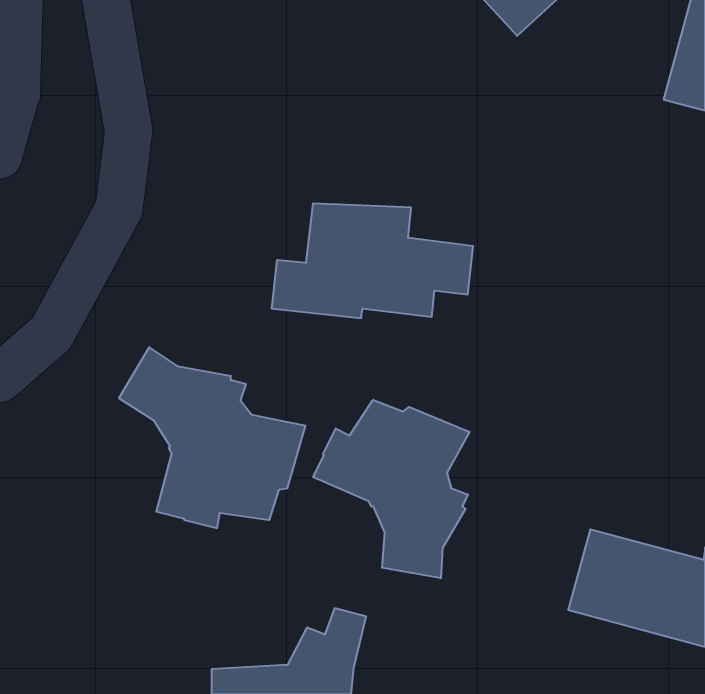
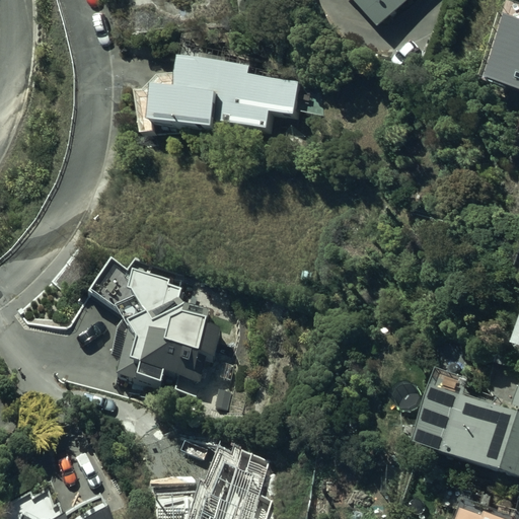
building: [271,203,473,318] -> [154,49,302,133]
building: [313,400,470,578] -> none

